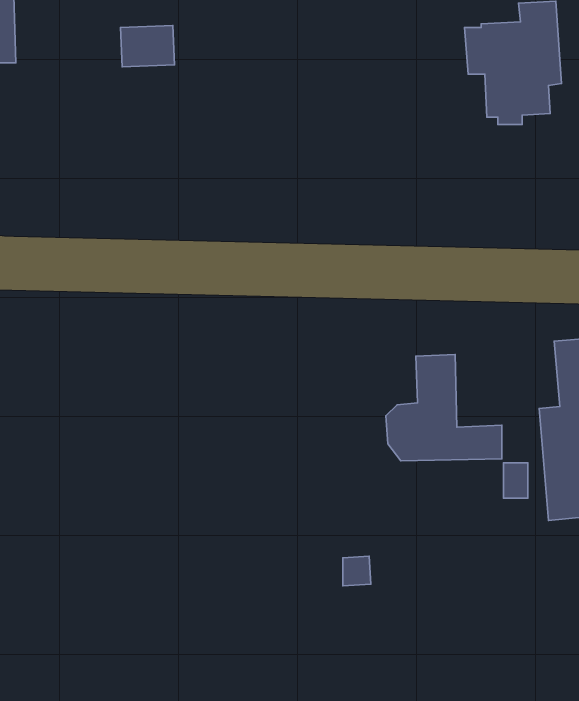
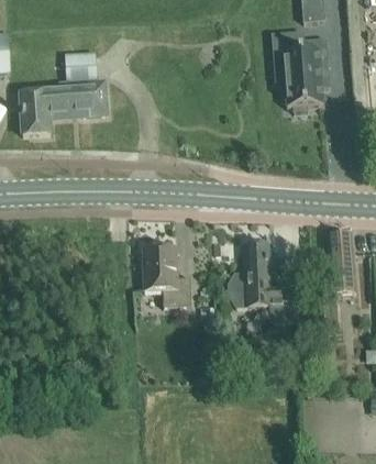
building: none -> [21,79,106,133]
building: none -> [143,246,192,306]

